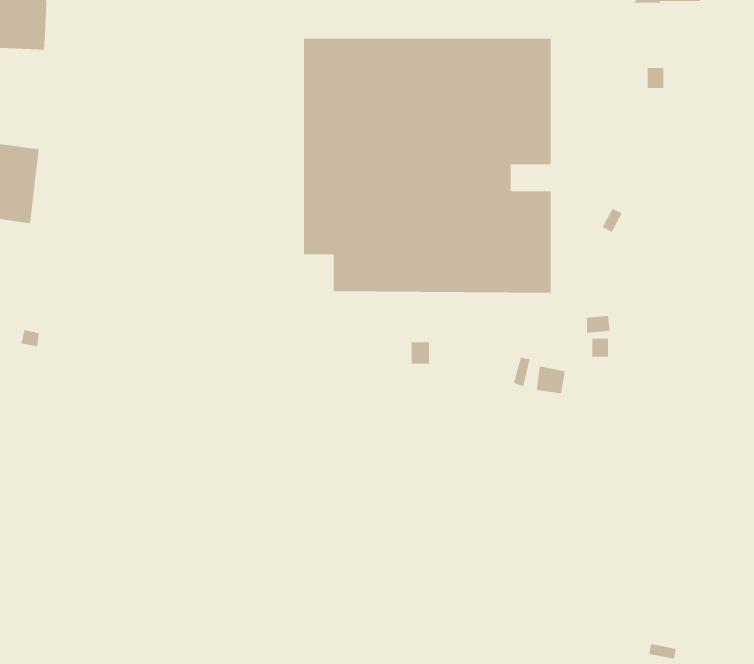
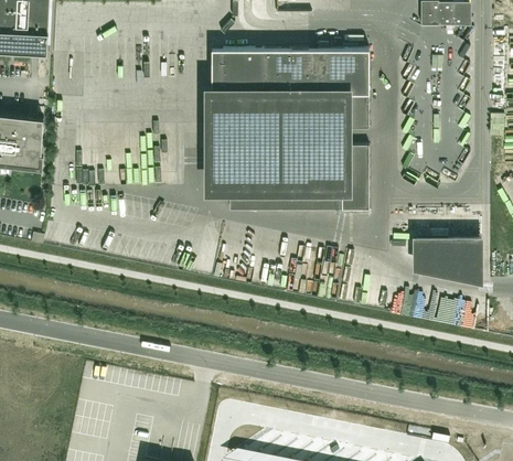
building: none -> [415,239,479,280]

